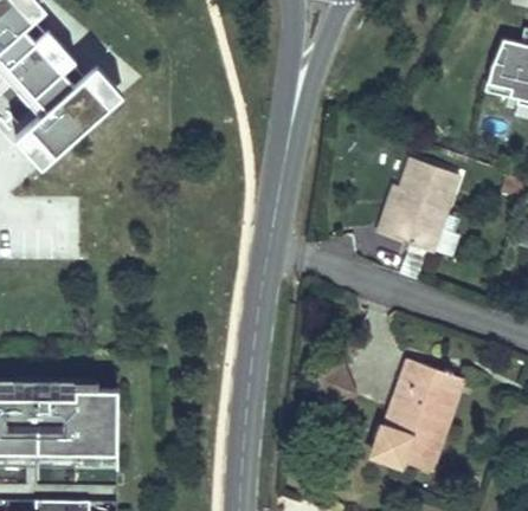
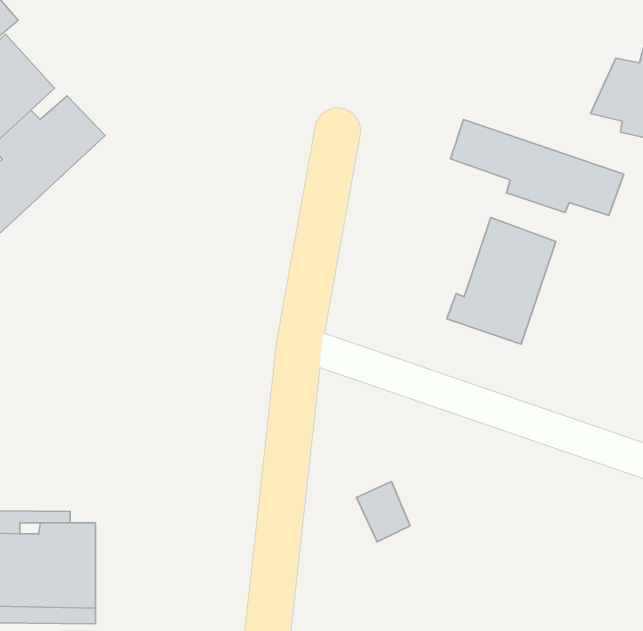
building: none -> [450,120,624,215]
building: [361,352,449,467] -> none

